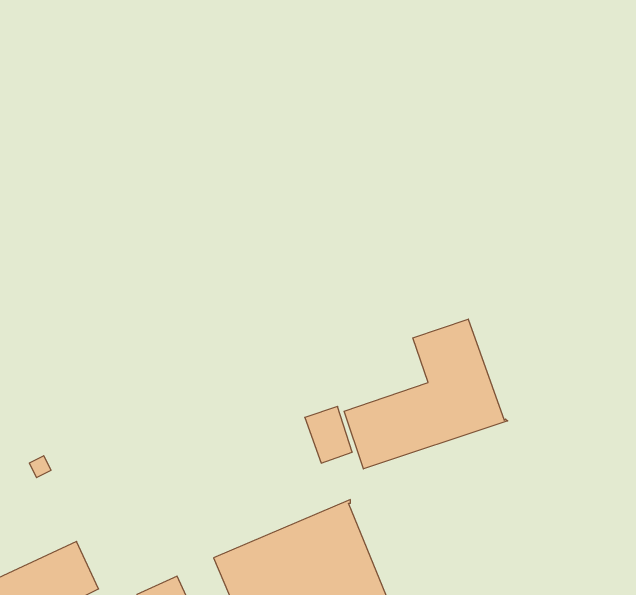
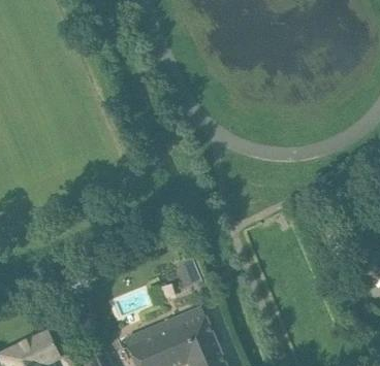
building: [344,319,508,469] -> none

